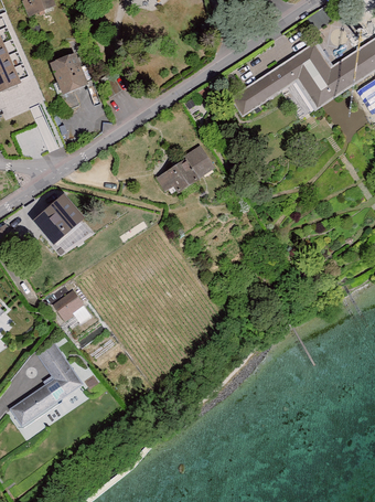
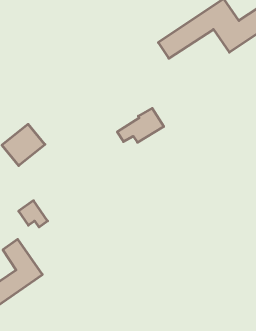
building: [51,52,90,109] -> none
building: [157,146,215,189] -> [117,108,164,142]

